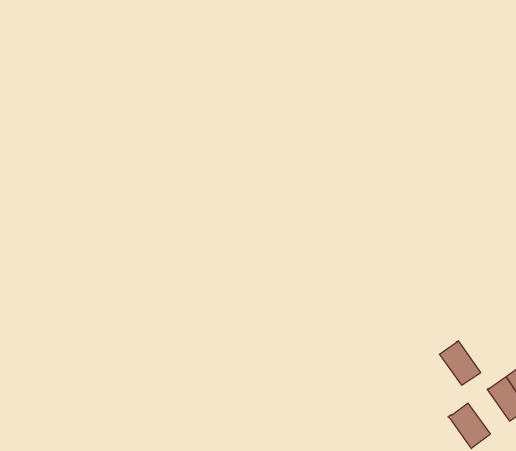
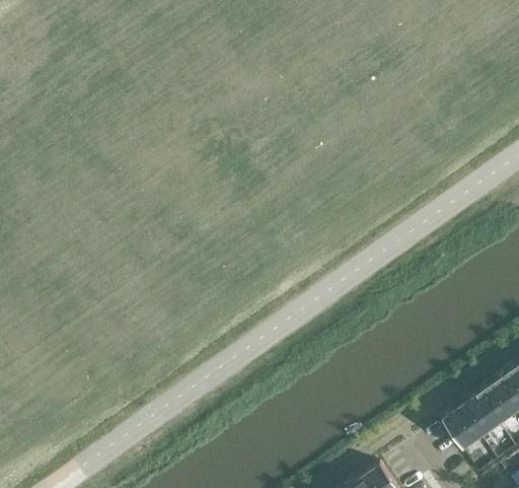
building: [439,341,481,385] -> [459,395,499,437]

